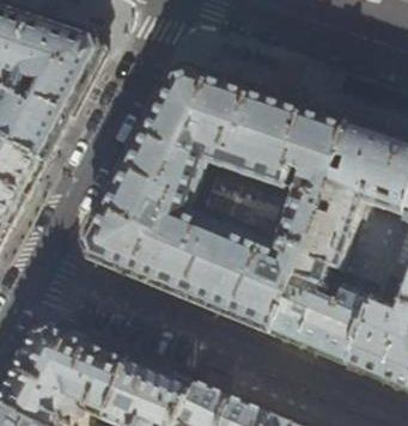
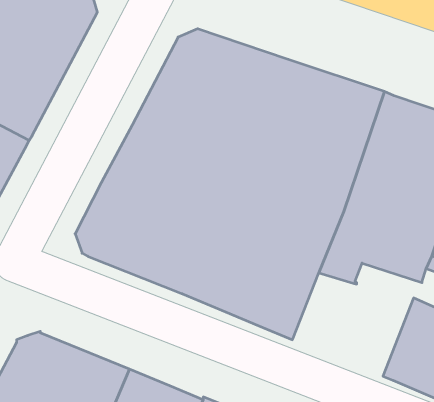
building: [269,276,373,365] -> none

